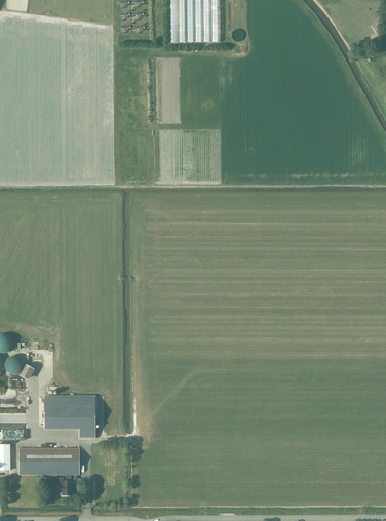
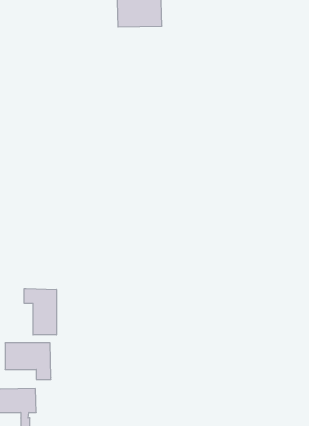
building: none -> [24,289,56,335]

